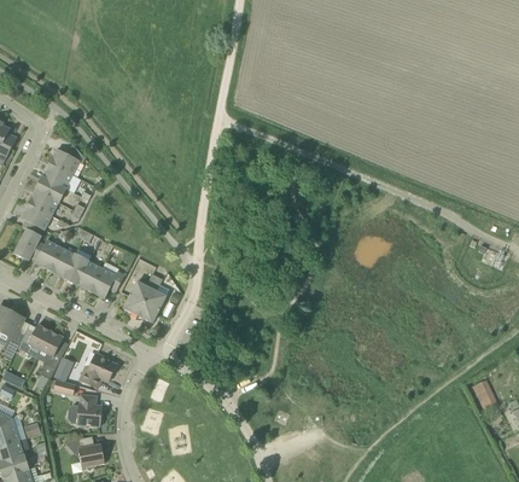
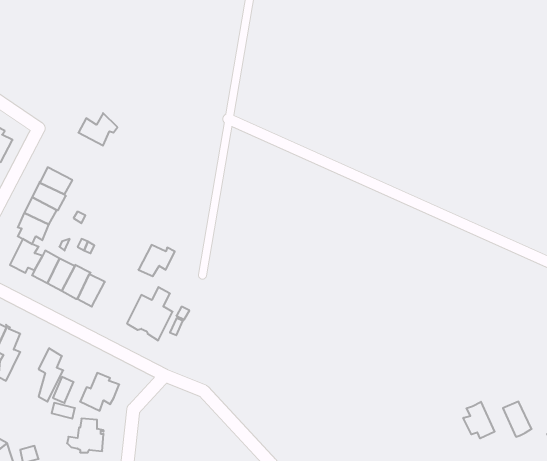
building: [49,144,86,174] -> [78,113,117,146]
building: [91,268,124,297] -> [138,245,175,276]
building: [17,324,51,354] -> none
building: none -> [463,402,495,438]

